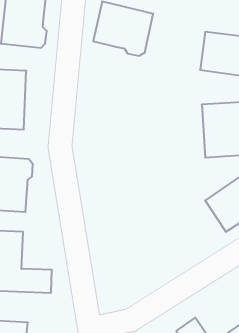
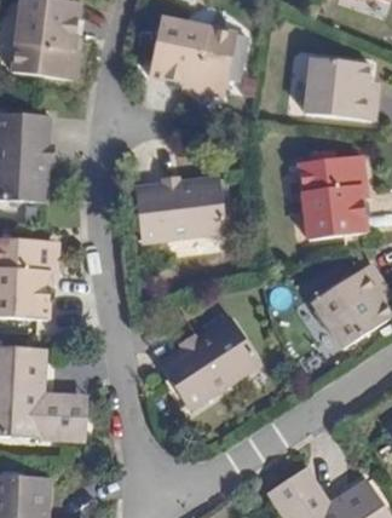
building: none -> [128,177,220,242]
building: none -> [162,318,264,410]

